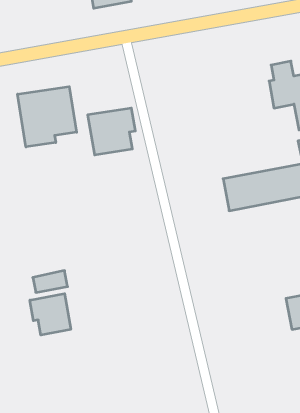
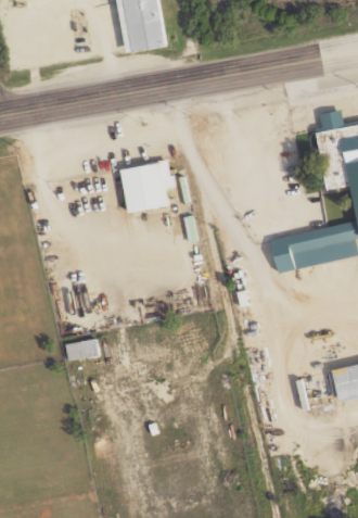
building: [18,87,77,147] -> none
building: [30,294,71,335] -> none

